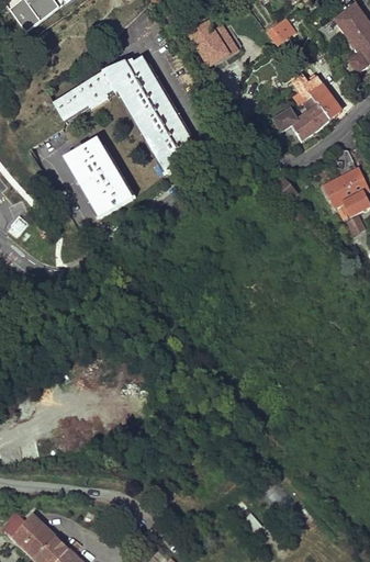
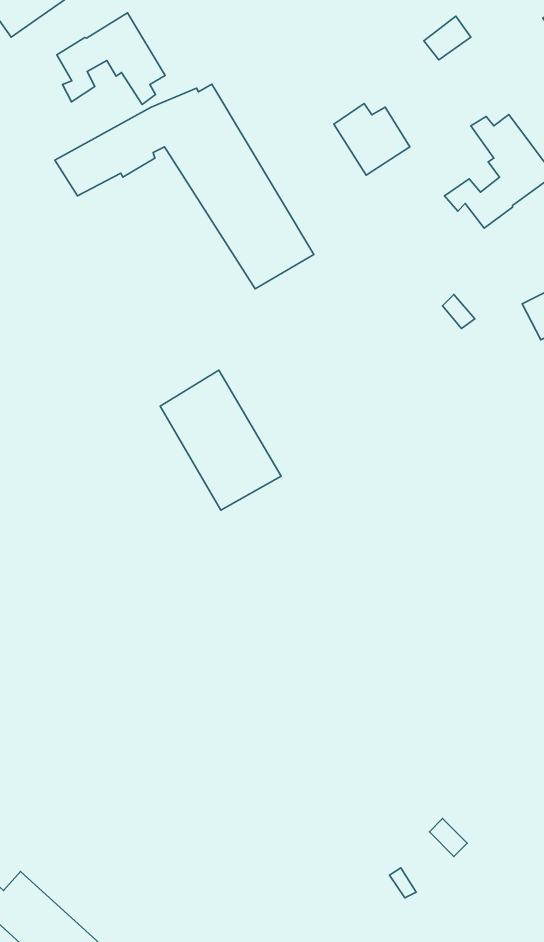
building: none -> [57,13,165,104]
building: [189,22,233,64] -> [334,103,410,175]
building: [64,137,134,218] -> [160,370,281,510]

